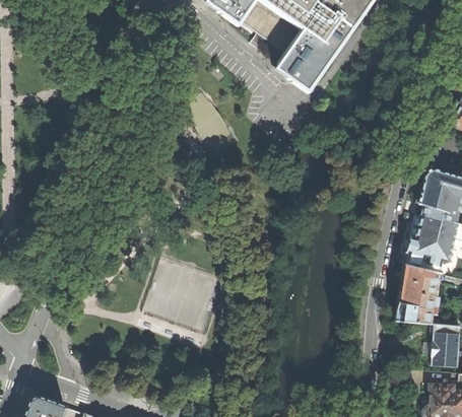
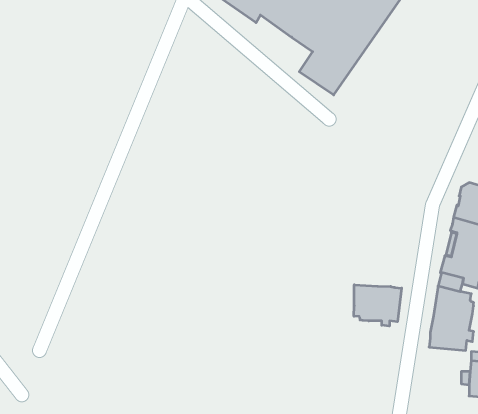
building: none -> [354,285,402,326]

